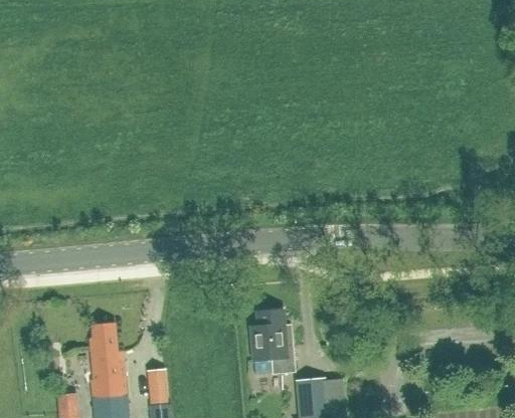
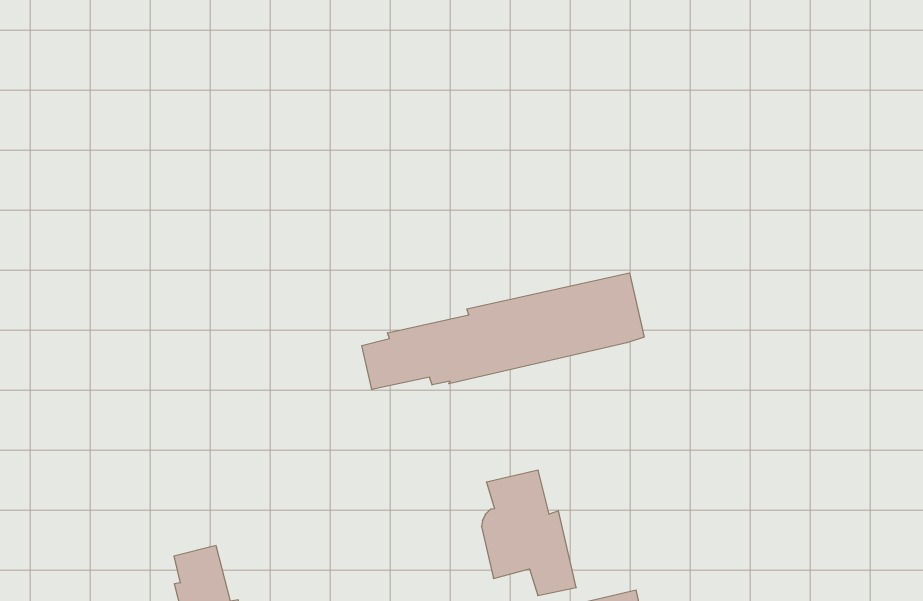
building: none -> [362,273,644,390]

